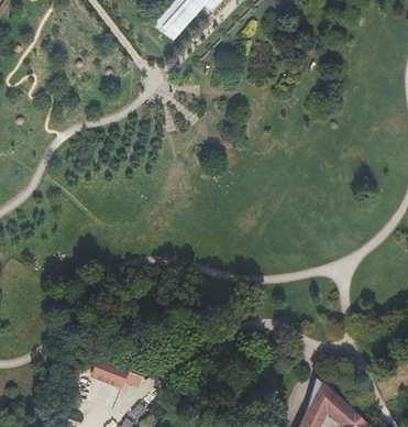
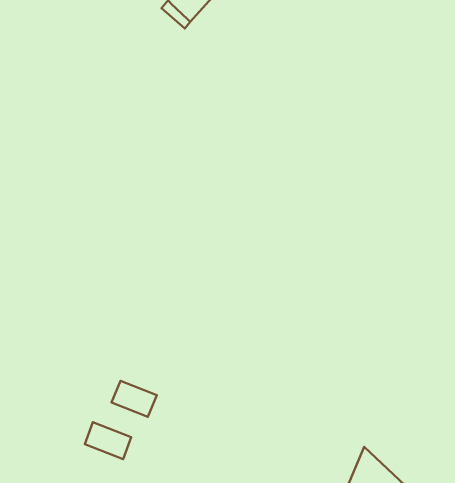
building: none -> [112,381,157,417]

